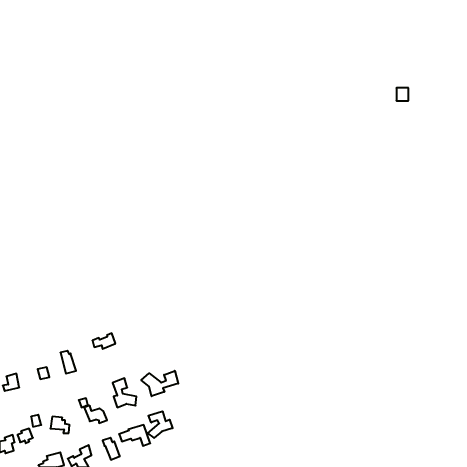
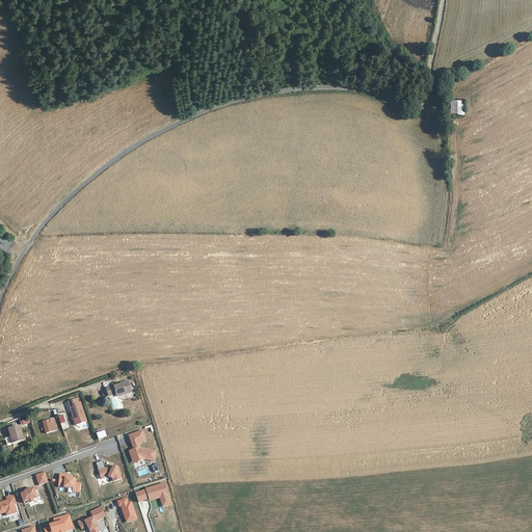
building: [141,371,178,396] -> none
building: [148,411,173,438] -> none

